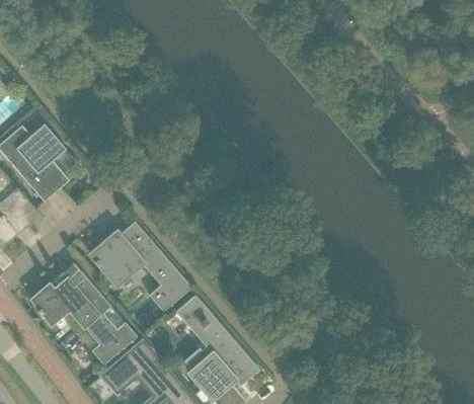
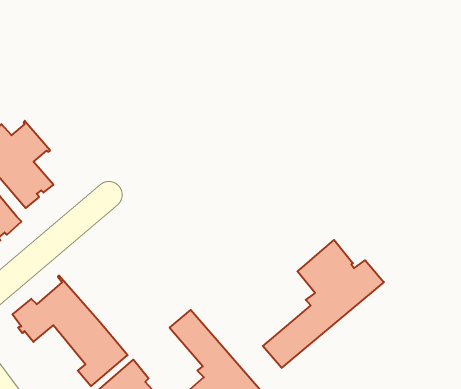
building: [91,221,191,312] -> none
building: none -> [263,240,384,368]

